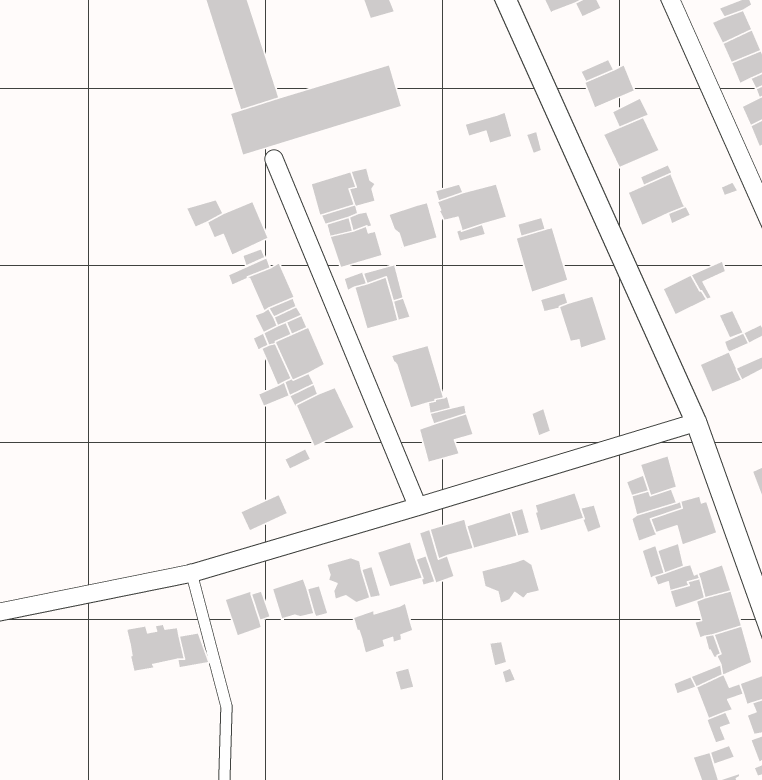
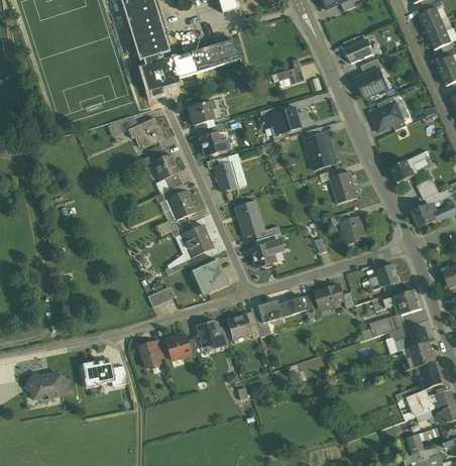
building: [389,202,437,249] -> none
building: none -> [331,211,366,243]
building: none -> [192,259,228,295]
building: [482,559,540,603] -> none
building: [353,603,413,653] -> none
building: none -> [25,373,69,402]

